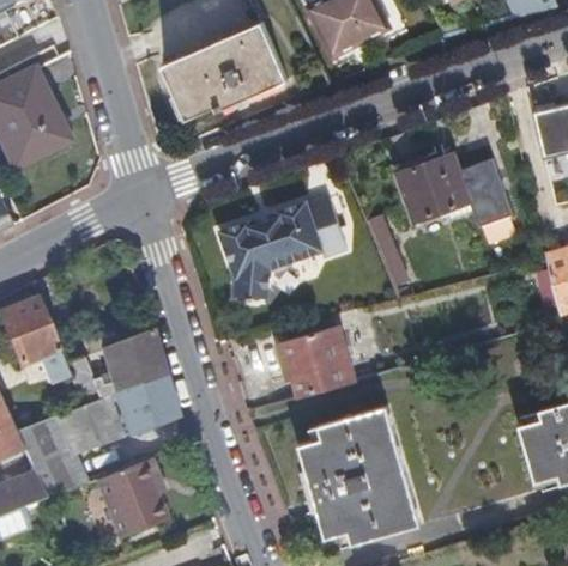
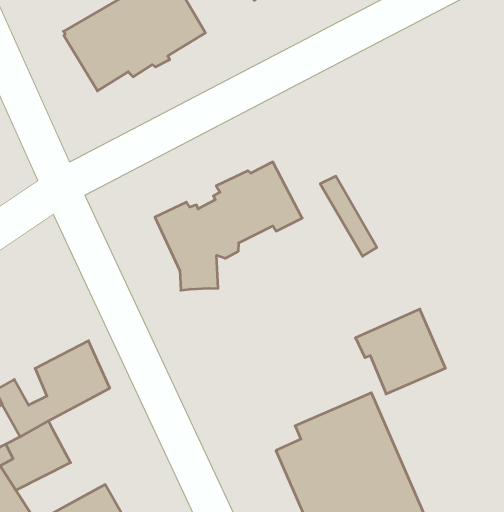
building: [395,154,514,226] -> none
building: [279,327,354,396] -> [355,309,445,394]
building: [107,375,175,433] -> none

